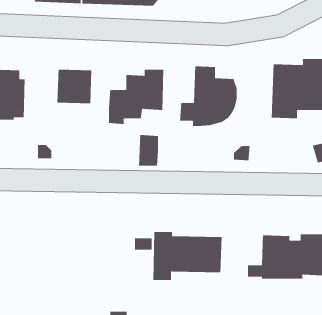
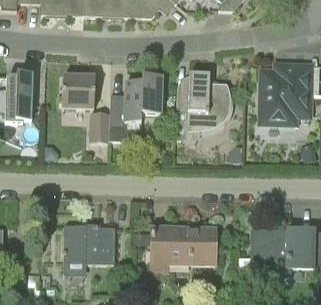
building: [138,134,159,167] -> [90,111,109,141]
building: none -> [63,225,115,265]

